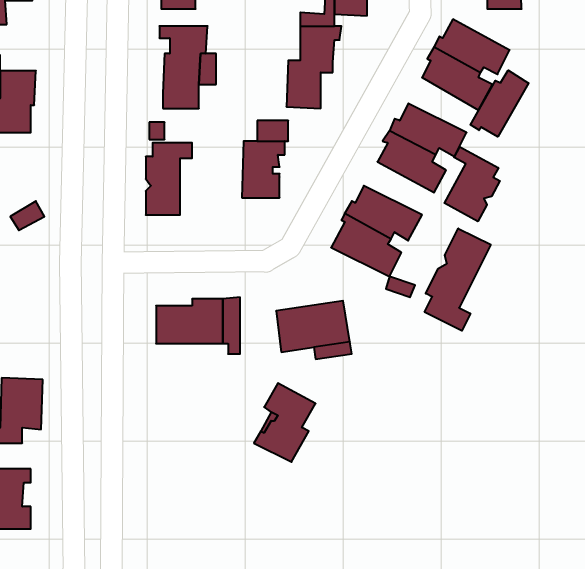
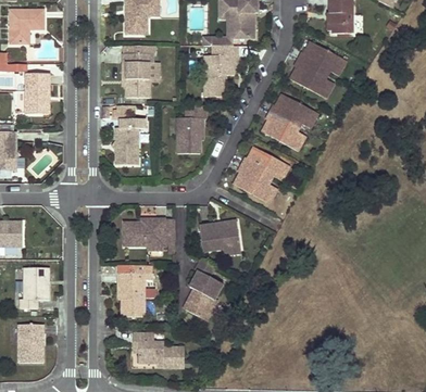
building: [470,70,529,137] -> none
building: [444,147,500,221] -> none
building: [425,228,491,331] -> none
building: none -> [117,265,151,316]
building: none -> [133,333,184,368]

